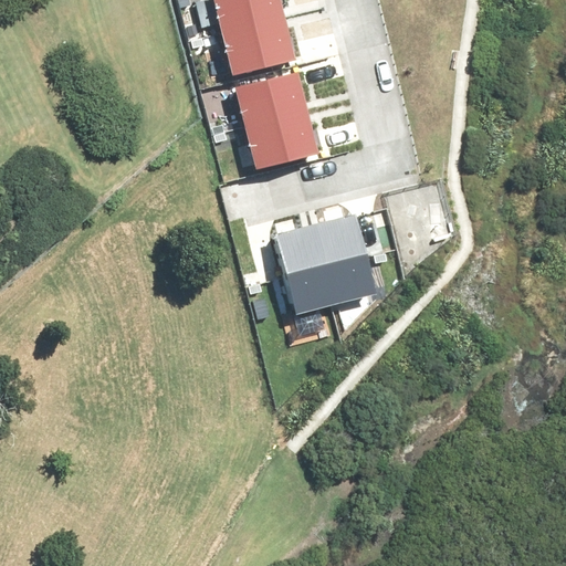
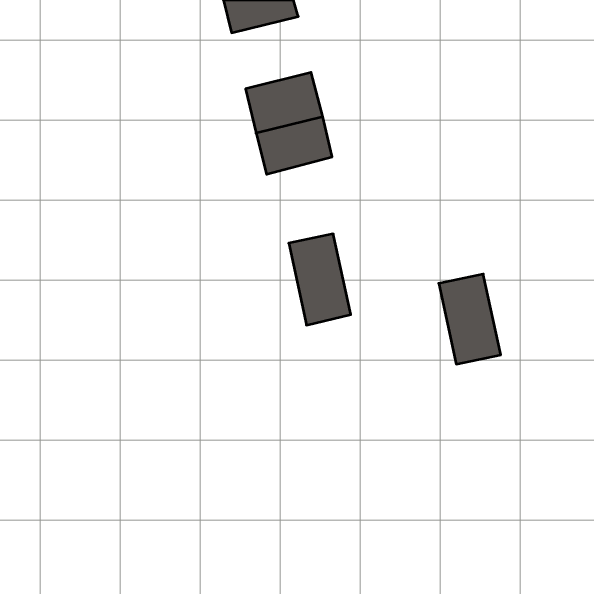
building: [222,19,295,73] -> none
building: [318,216,377,301] -> [439,274,501,364]

